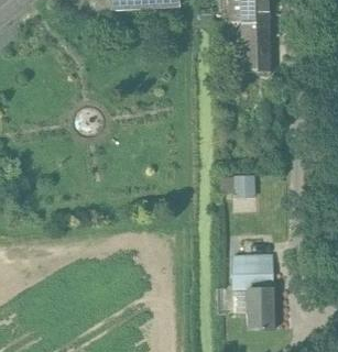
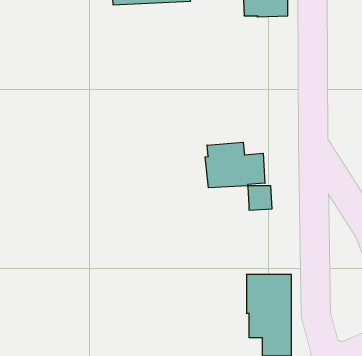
building: [242,20,271,72] -> none
building: none -> [205,142,265,188]

